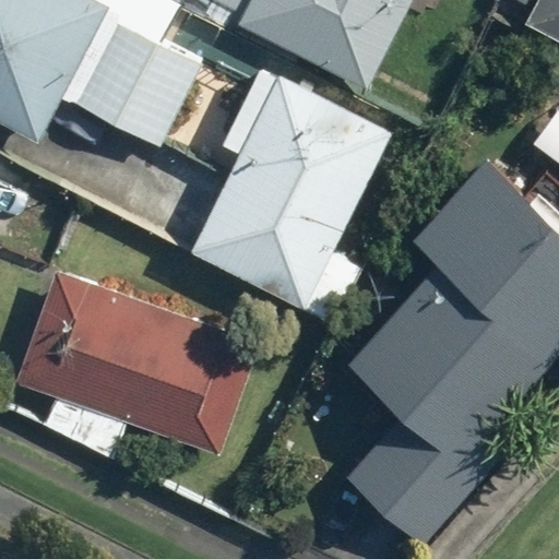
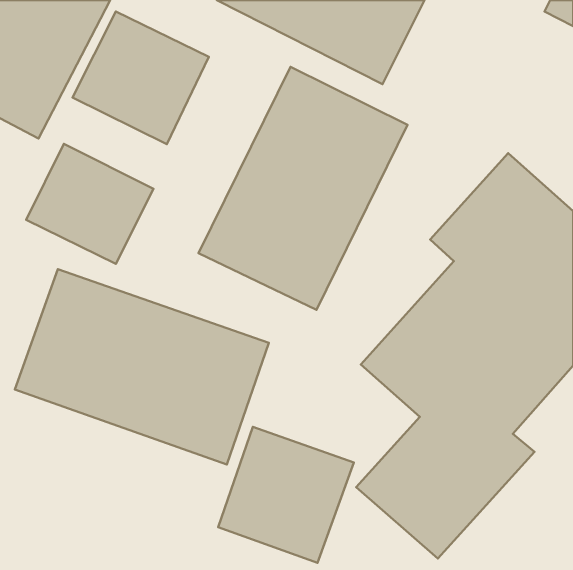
building: none -> [26,144,153,264]
building: none -> [218,427,354,563]

